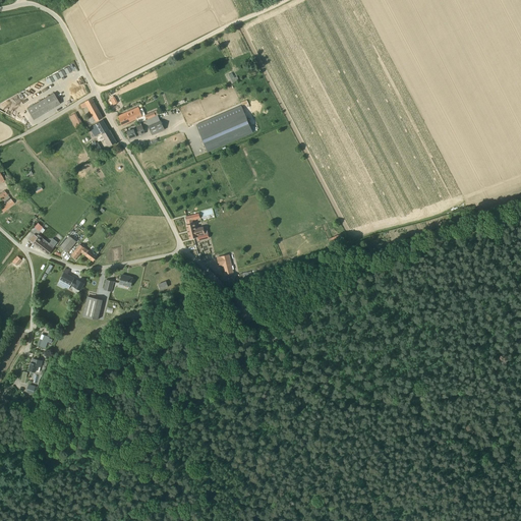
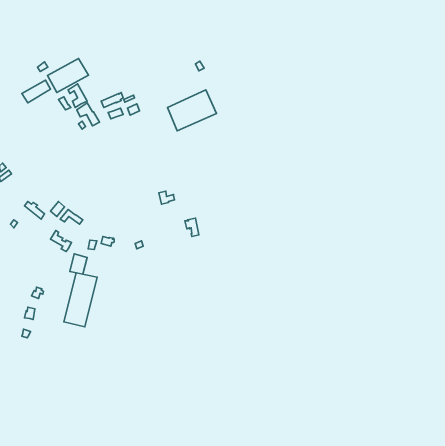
building: none -> [47,59,89,93]
building: none -> [64,273,97,327]

